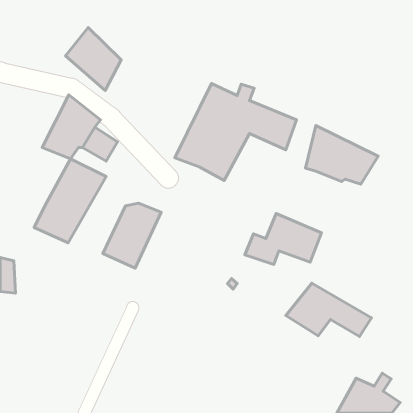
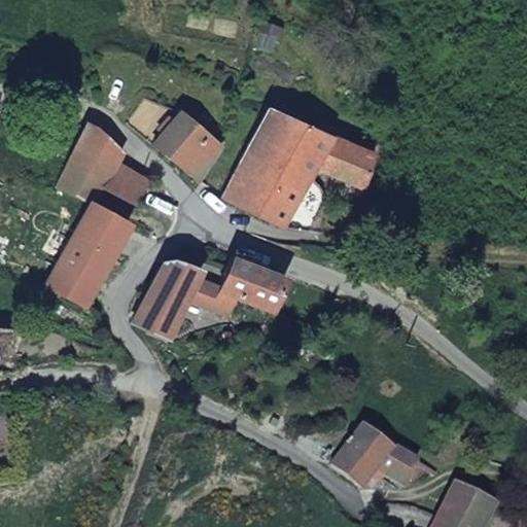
building: [65,27,121,91] -> [151,107,222,187]
building: [306,126,378,184] -> none
building: [245,213,322,264] -> [194,252,291,317]
building: [286,283,372,337] -> [326,427,435,495]

